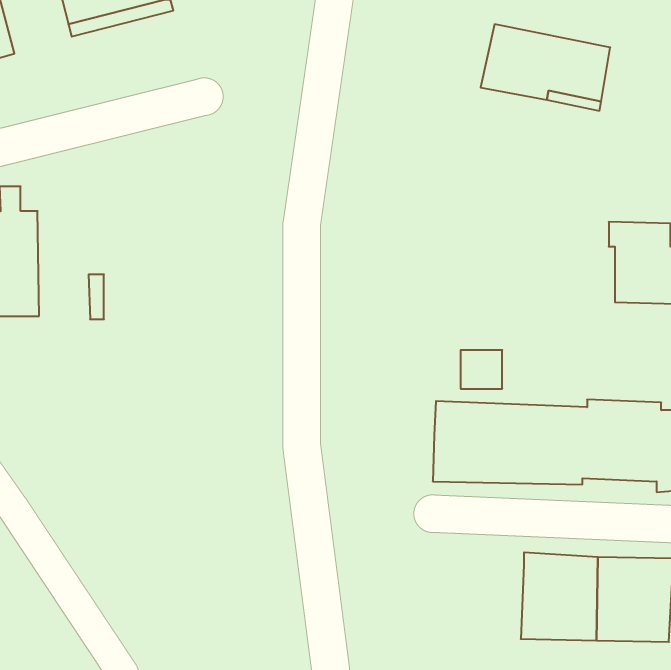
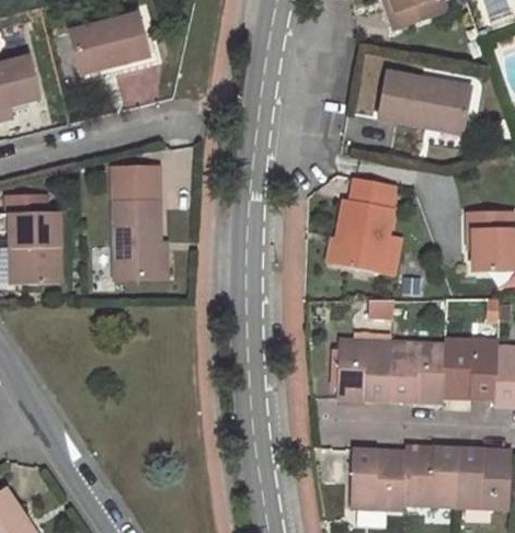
building: none -> [115,162,161,275]
building: none -> [332,175,391,271]
building: none -> [348,453,405,512]

